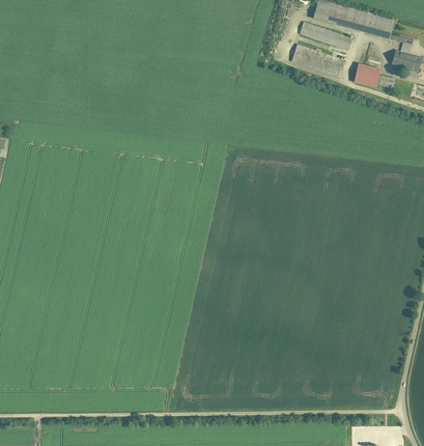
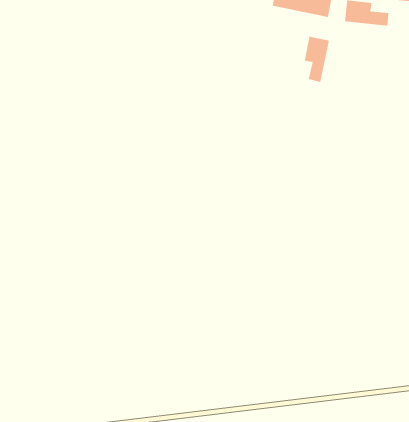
building: none -> [304,36,330,83]

